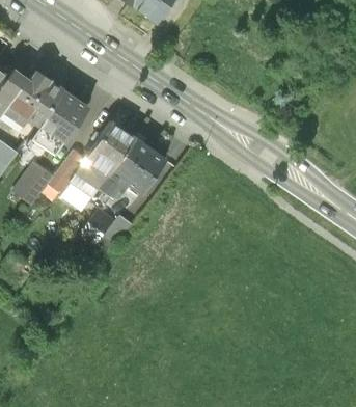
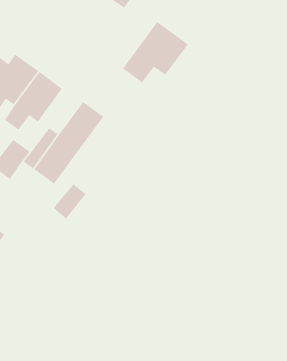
building: [95,137,167,204] -> [122,21,189,83]

